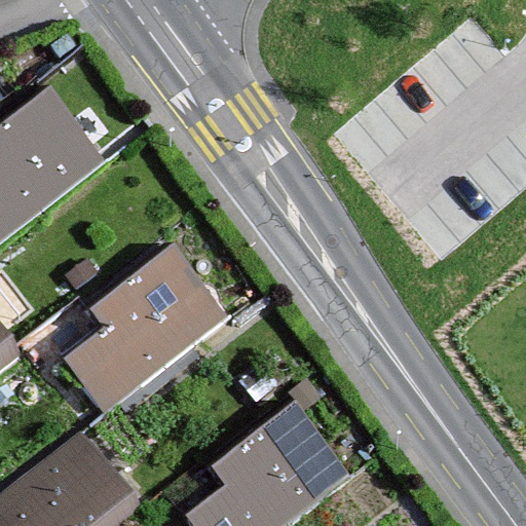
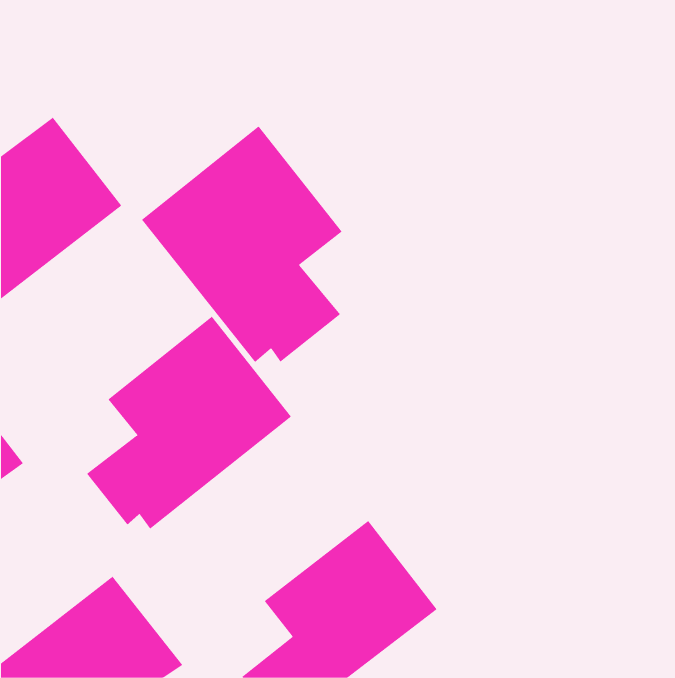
building: none -> [141,126,343,363]

